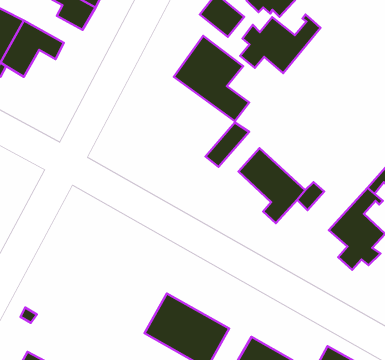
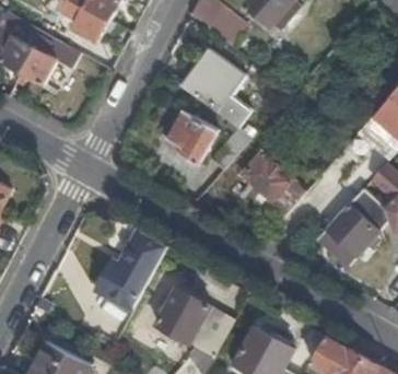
building: [240,14,320,73] -> none
building: none -> [166,109,218,163]
building: none -> [104,234,165,308]

